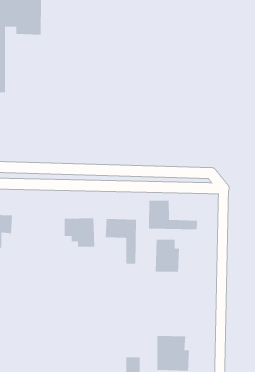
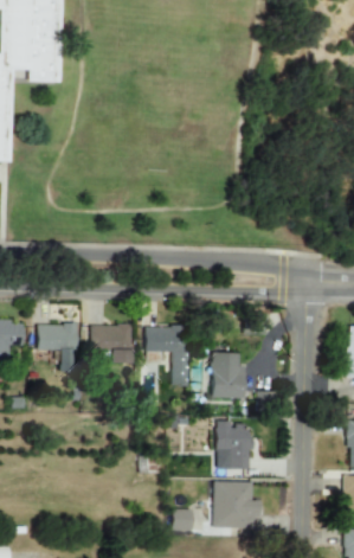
building: [148,200,198,230] -> none
building: none -> [38,323,78,372]
building: none -> [217,421,251,469]

